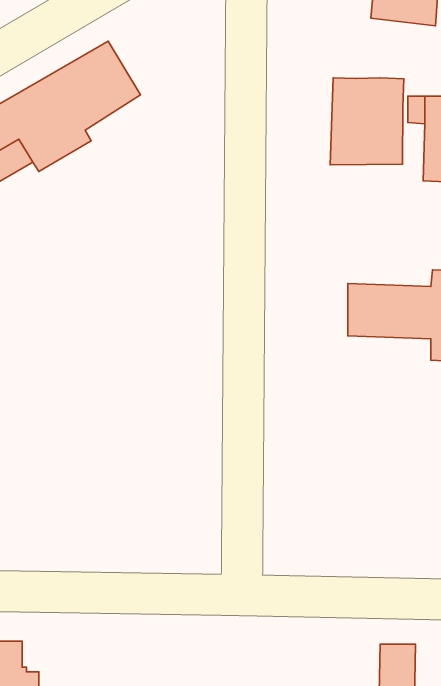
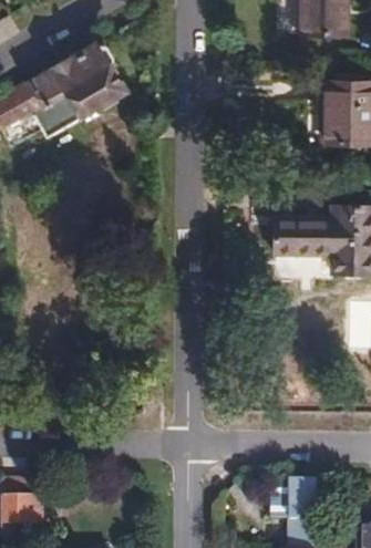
building: [330,78,404,165] -> none

